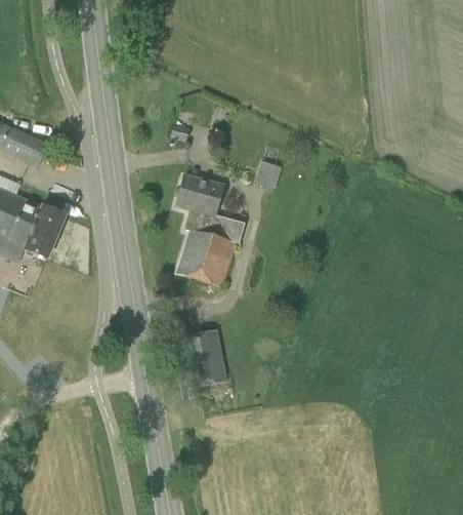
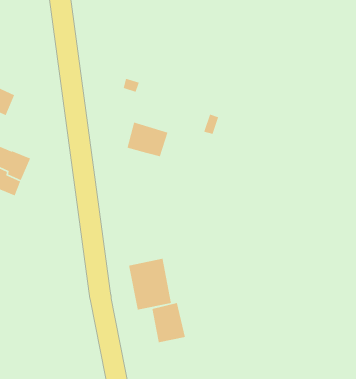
building: [177,208,243,284] -> none
building: none -> [152,302,186,343]

